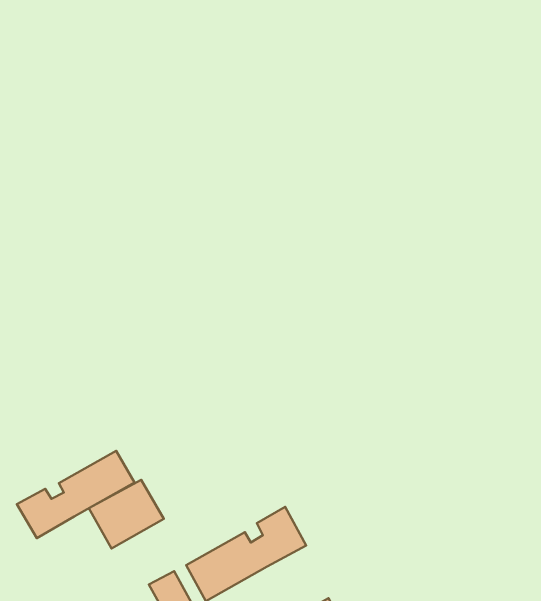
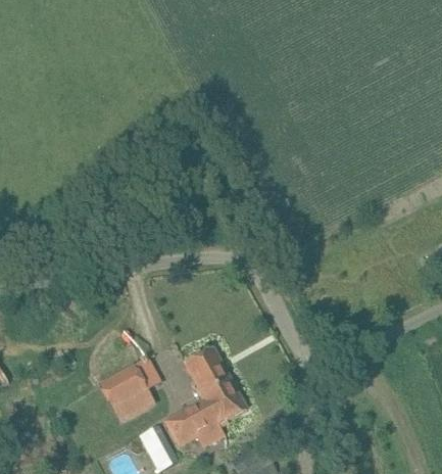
building: [17,451,134,538] -> none
building: none -> [186,347,234,407]

